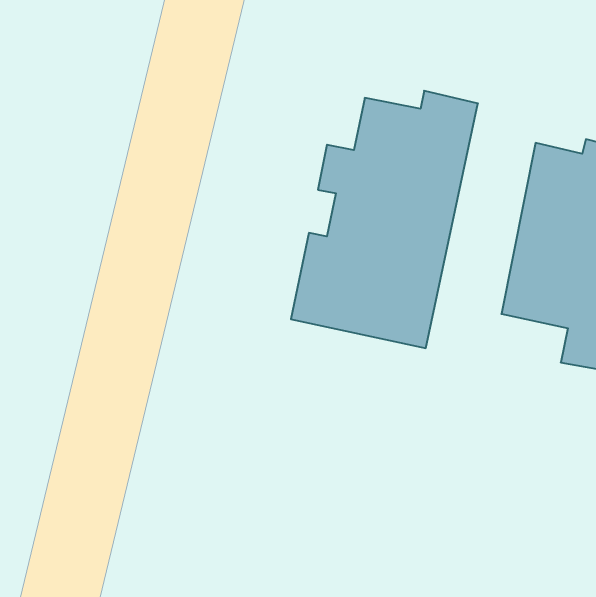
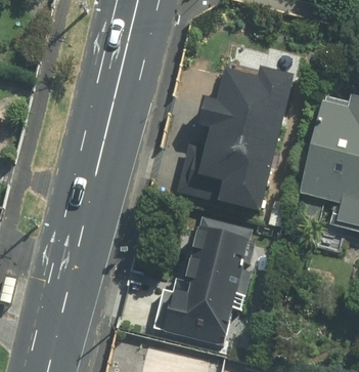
building: none -> [163,223,257,348]

